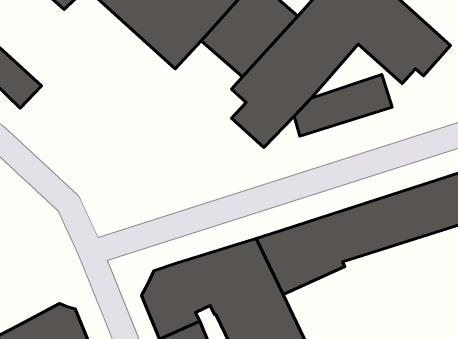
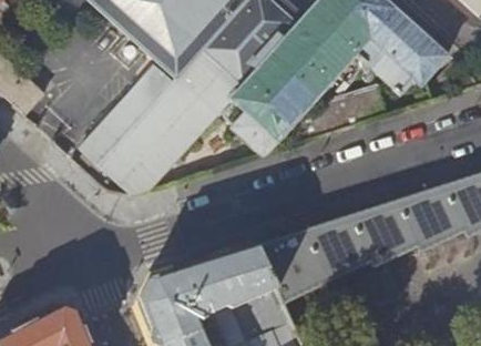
building: none -> [80,50,242,196]

